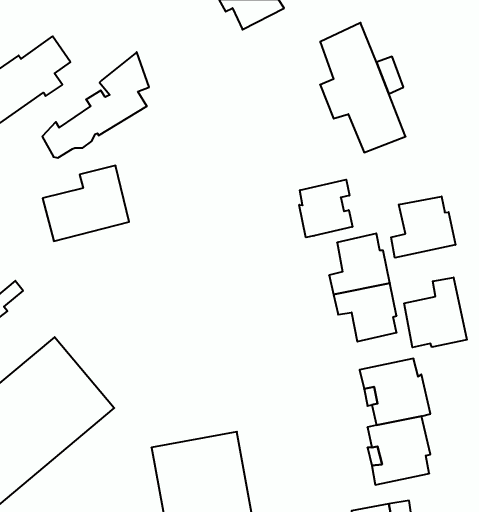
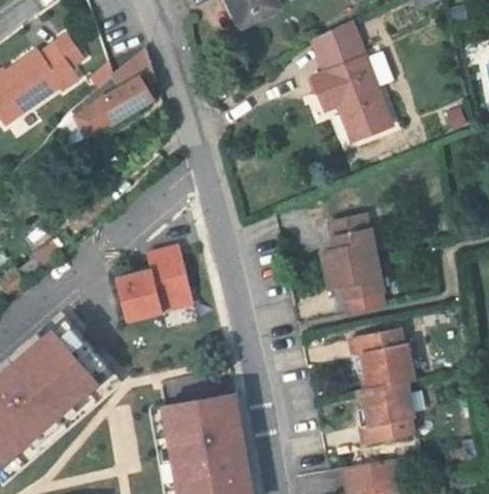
building: [43,166,129,241] -> [113,246,193,316]
building: [299,180,352,237] -> none
building: [391,196,455,258] -> none
building: [404,277,467,347] -> none

